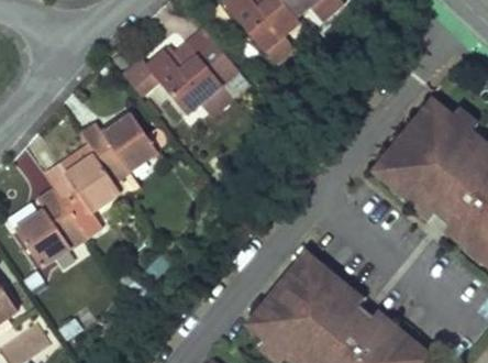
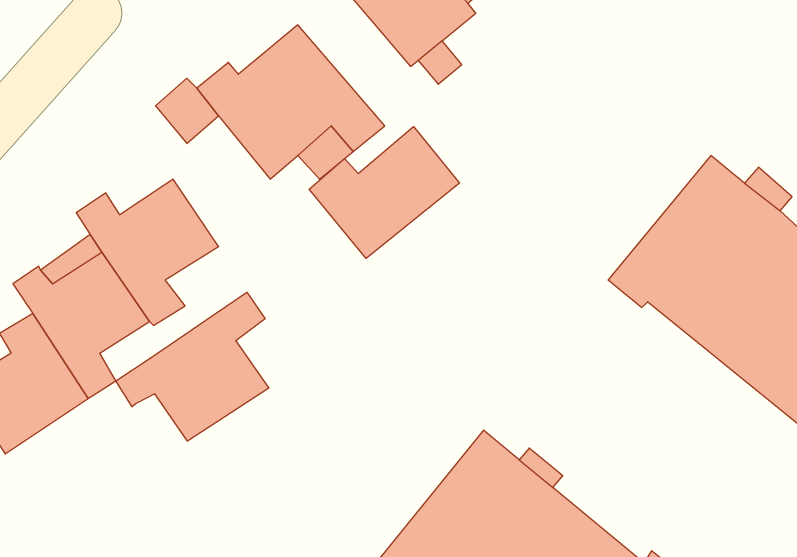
building: none -> [309,127,460,258]
building: none -> [116,292,269,441]

